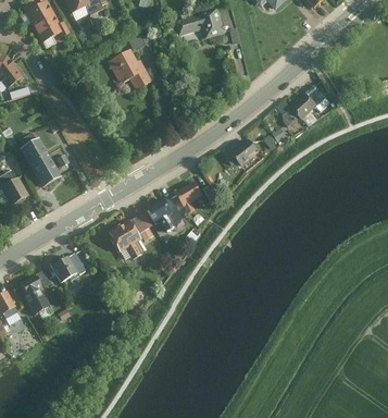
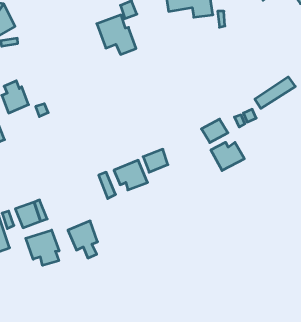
building: [28,155,60,185] -> none
building: none -> [211,142,244,171]
building: [108,220,141,259] -> [68,221,98,258]
building: none -> [26,230,59,265]

